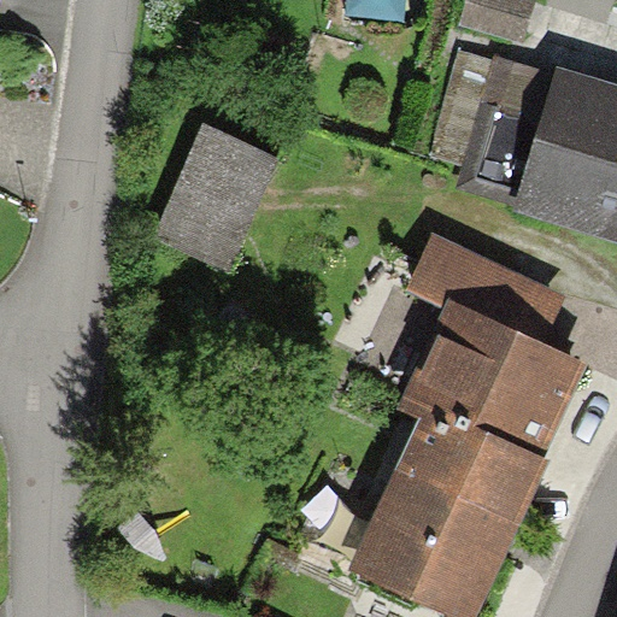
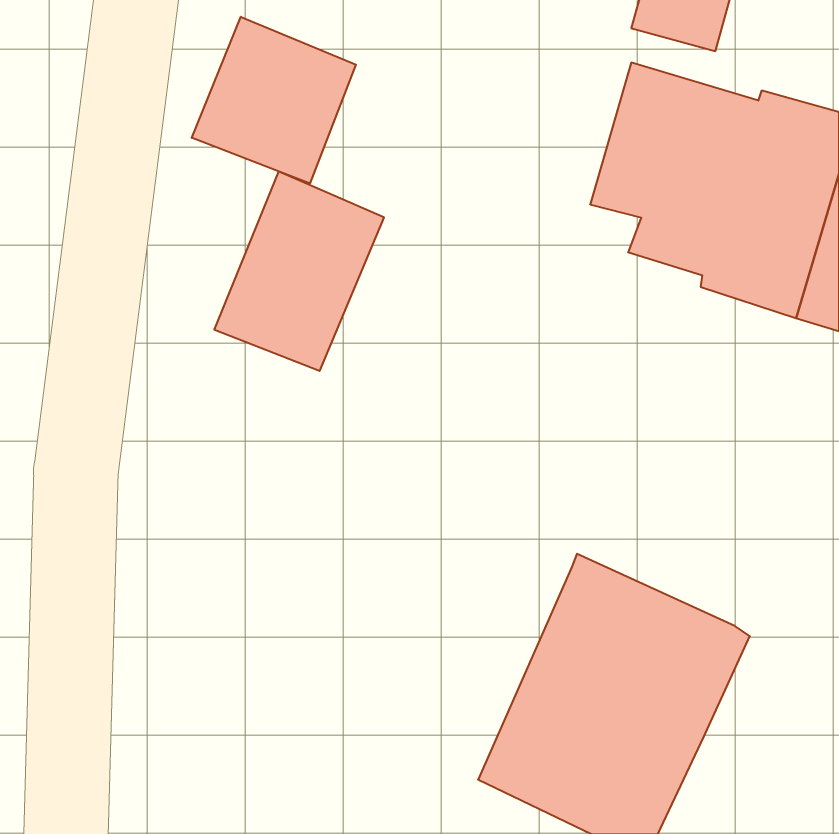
building: none -> [192,17,356,183]
building: [404,231,583,458] -> none

